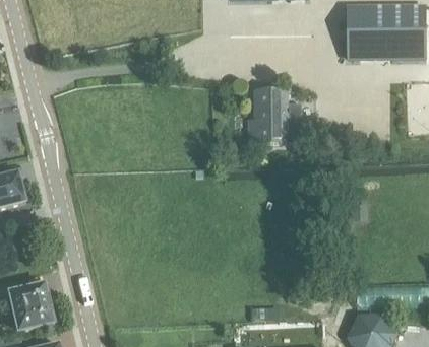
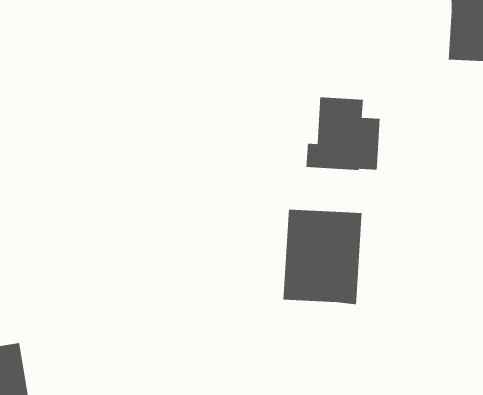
building: none -> [282,209,362,305]

